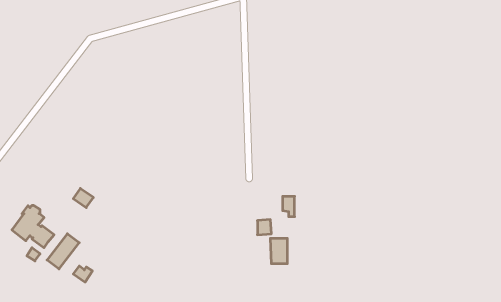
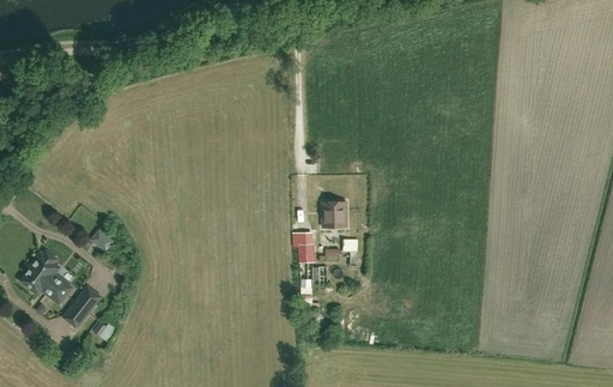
building: none -> [322,201,347,228]
building: [270,238,287,264] -> [293,234,314,264]

